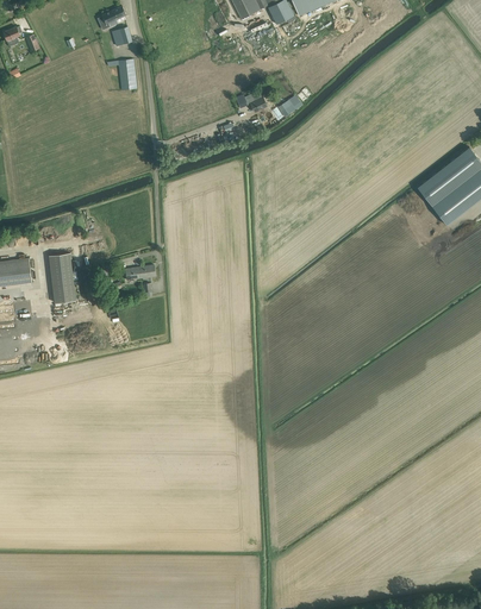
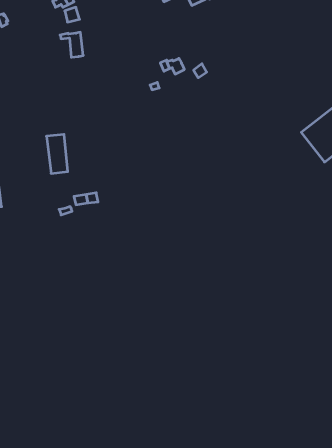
building: [46,252,74,302] -> [46,134,68,173]

